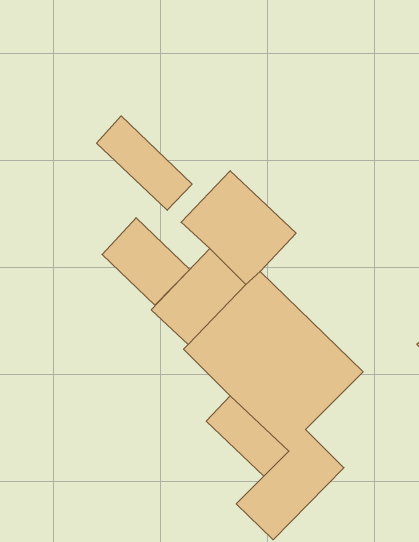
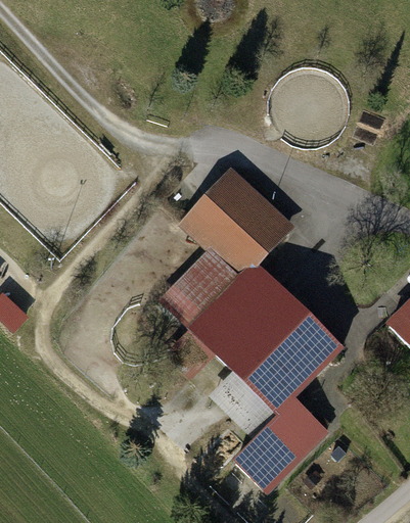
building: [97,116,192,210] -> none
building: [102,218,190,305] -> none

